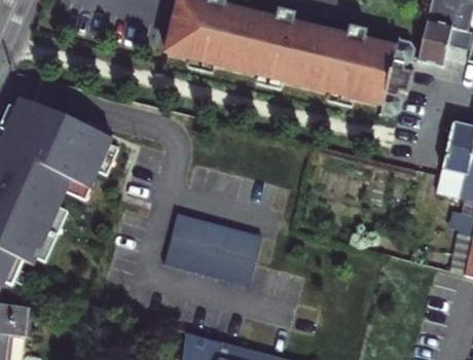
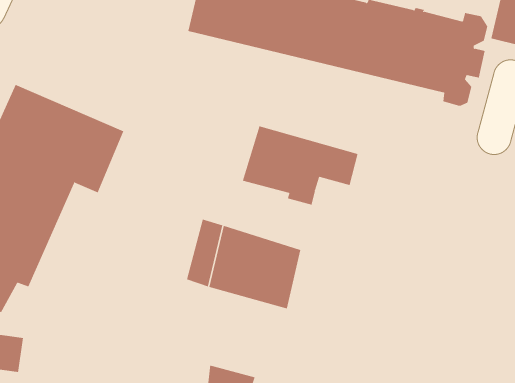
building: none -> [242,126,358,206]

